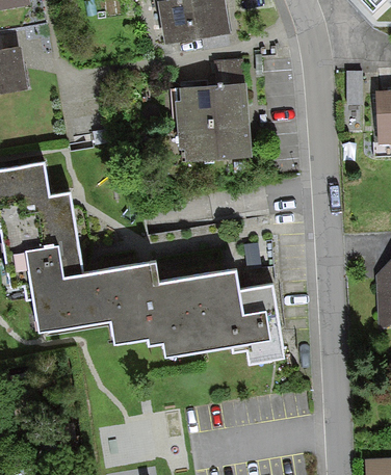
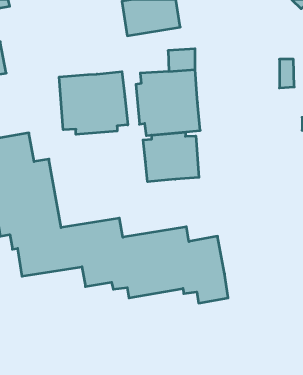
building: none -> [59,72,128,134]
building: none -> [143,132,199,182]

